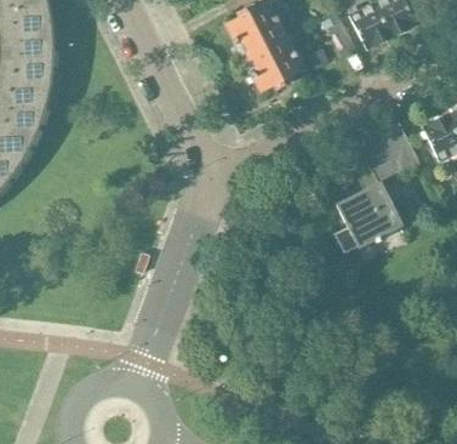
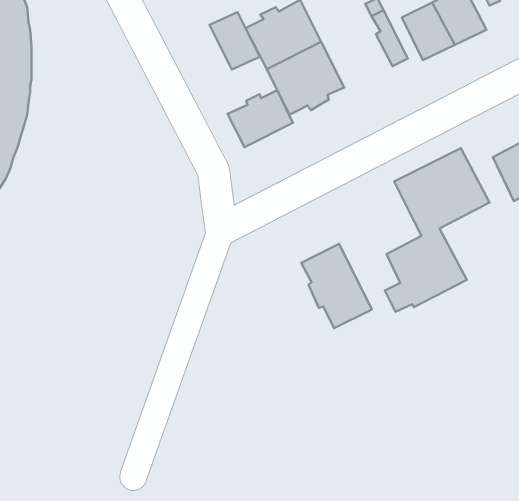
building: none -> [210,12,260,69]
building: none -> [228,90,293,147]
building: none -> [301,244,372,328]

